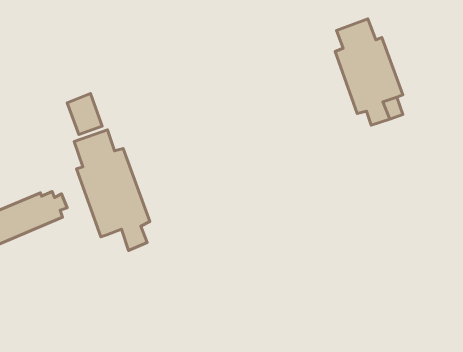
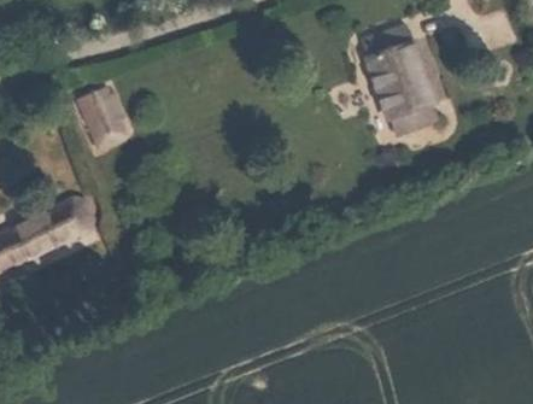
building: [74,130,150,250] -> none

